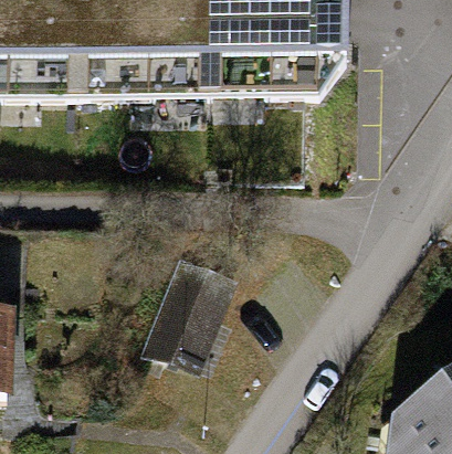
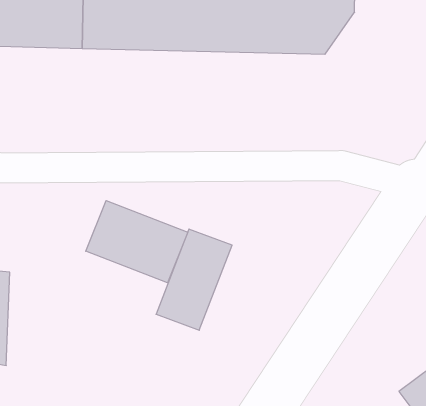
building: none -> [86,201,188,283]

